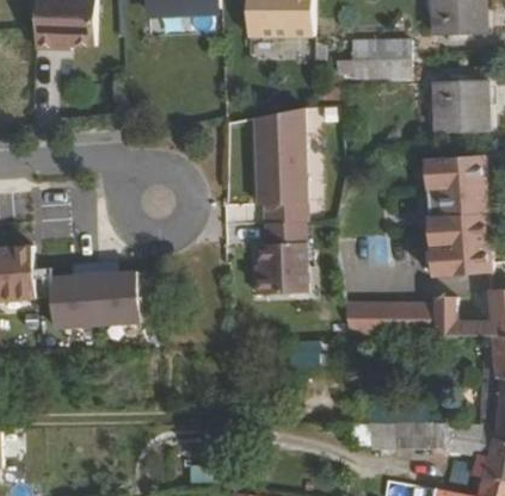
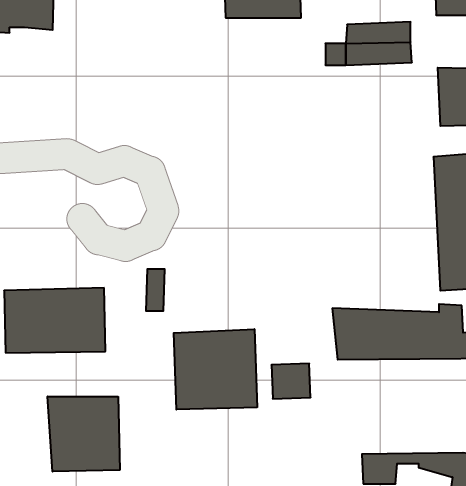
building: [252,110,325,293] -> none
building: none -> [174,329,257,410]
building: none -> [48,396,120,472]

